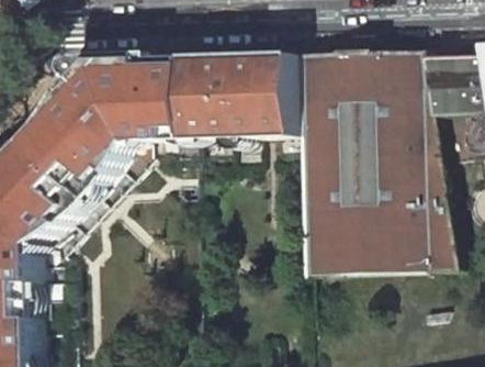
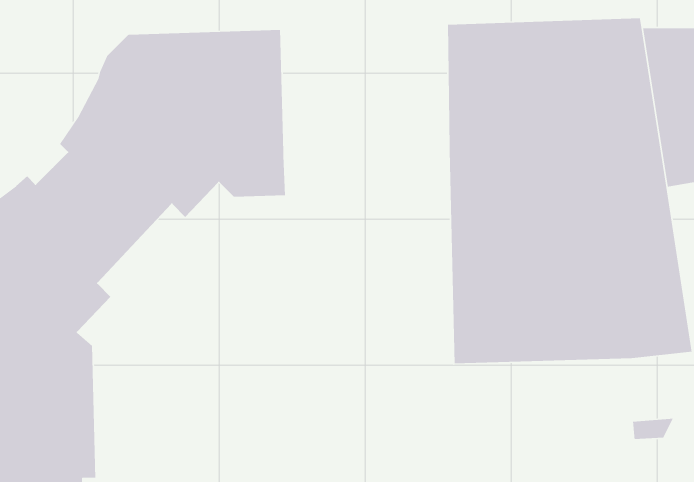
building: [185,51,295,136] -> none

